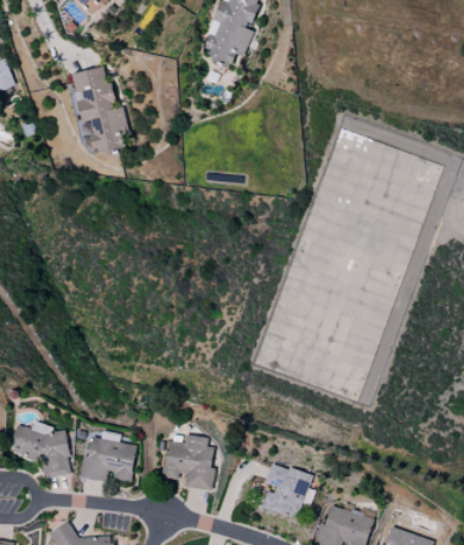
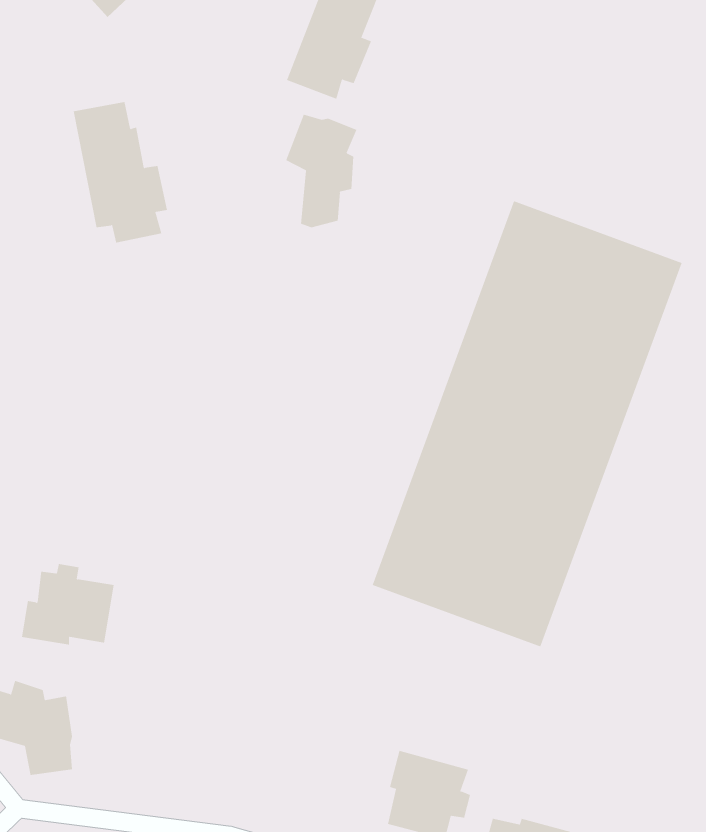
building: none -> [285,114,357,228]
building: [80,432,136,482] -> [21,563,114,645]
building: [161,435,215,490] -> none

